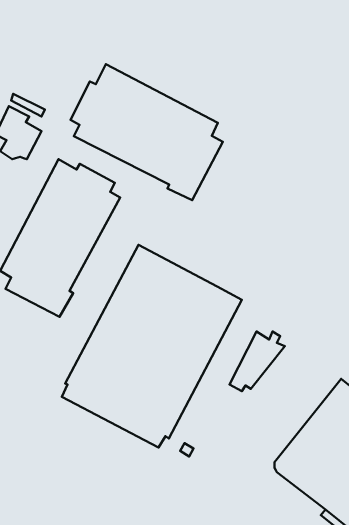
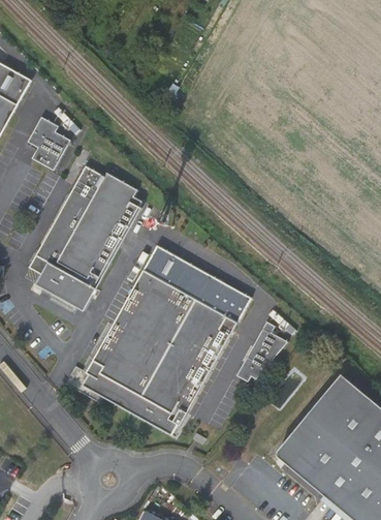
building: [71,64,223,200] -> none

